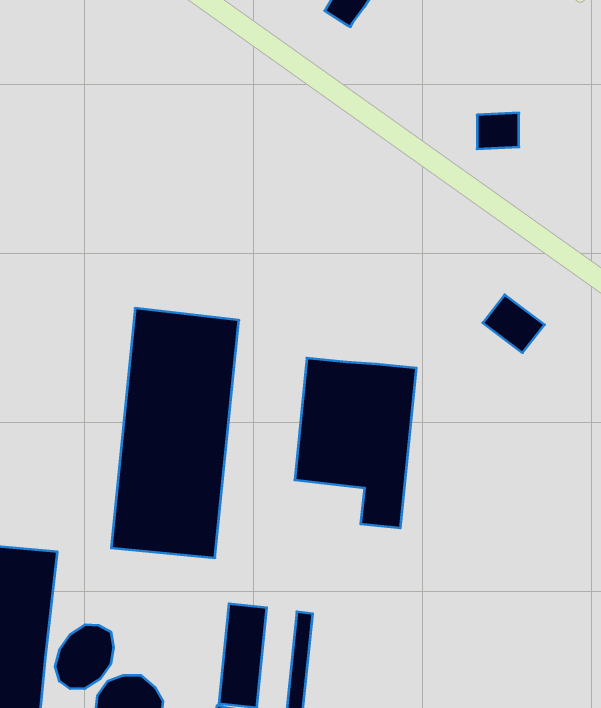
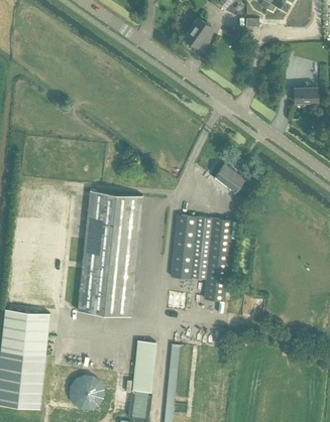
building: [477,113,519,149] -> [294,87,315,105]
building: [483,295,545,353] -> [213,164,244,193]
building: [55,625,114,689] -> none

